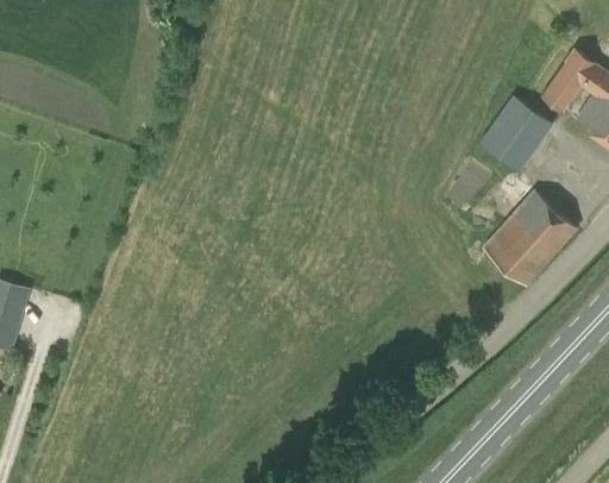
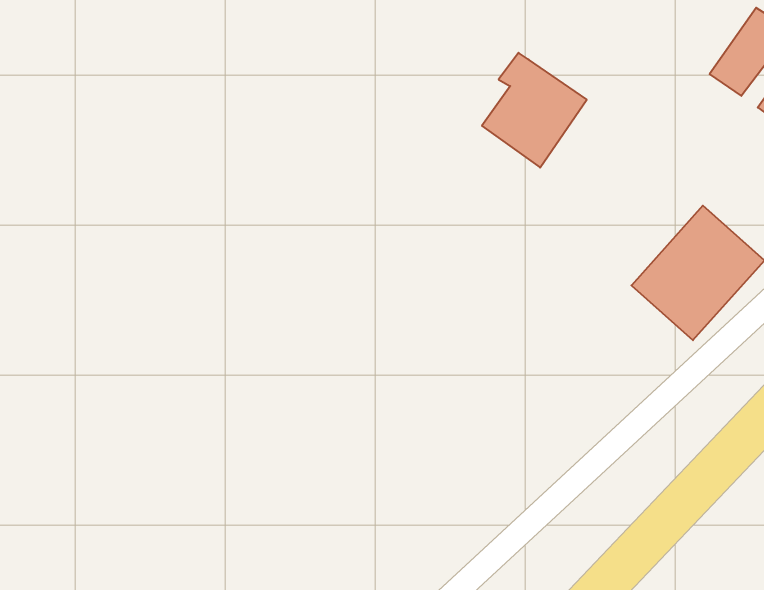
building: [478,92,553,174] -> [482,53,587,168]

